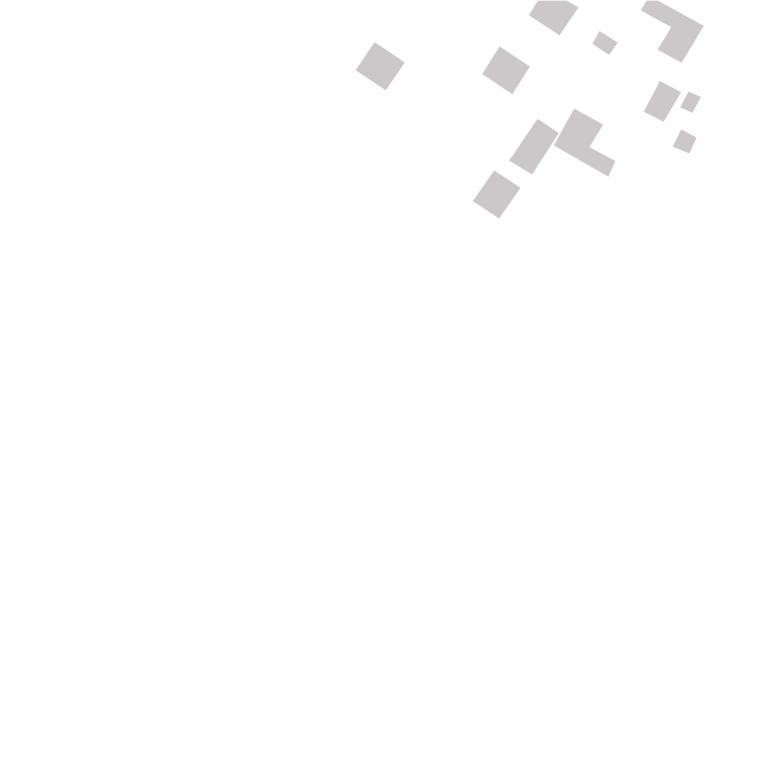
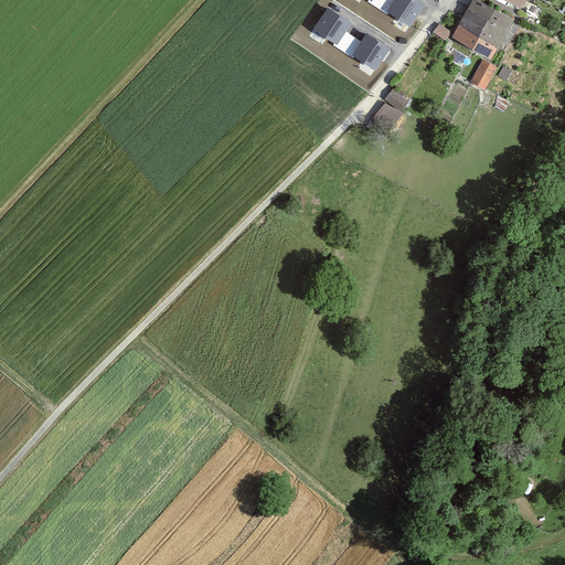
building: [354,41,406,91] -> [312,9,350,45]
building: [553,108,616,177] -> [451,8,498,58]
building: [472,169,521,220] -> none

